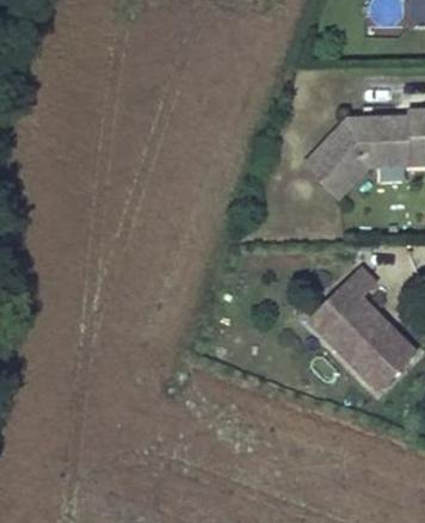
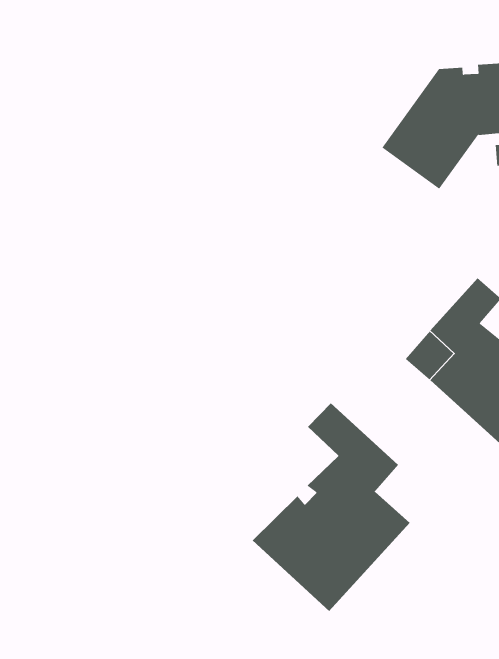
building: none -> [252,402,411,612]

